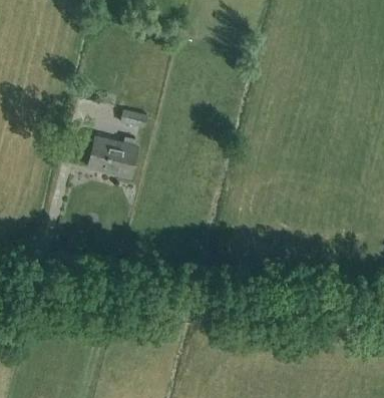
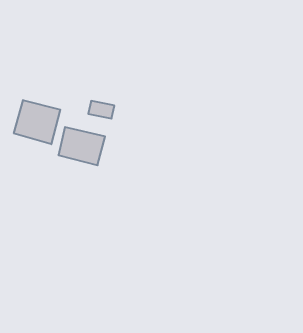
building: none -> [14,100,60,144]

